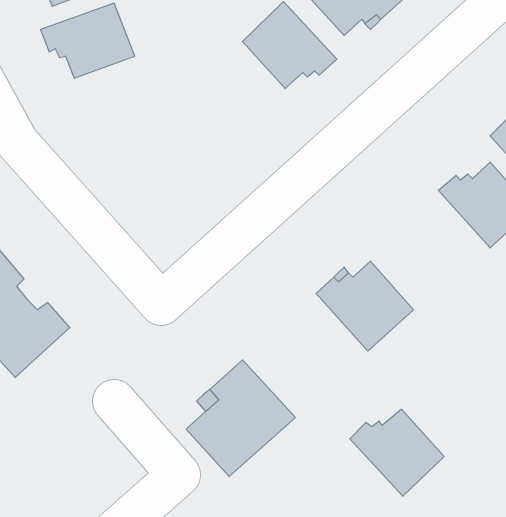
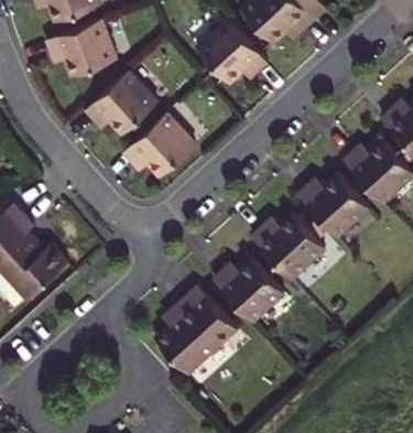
building: none -> [85,72,156,136]
building: none -> [122,115,195,178]
building: none -> [297,174,368,239]
building: [350,409,444,496] -> [213,259,283,324]

